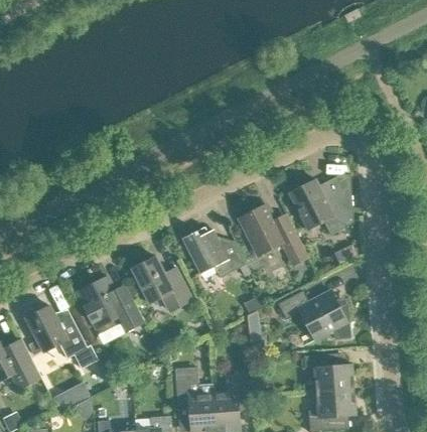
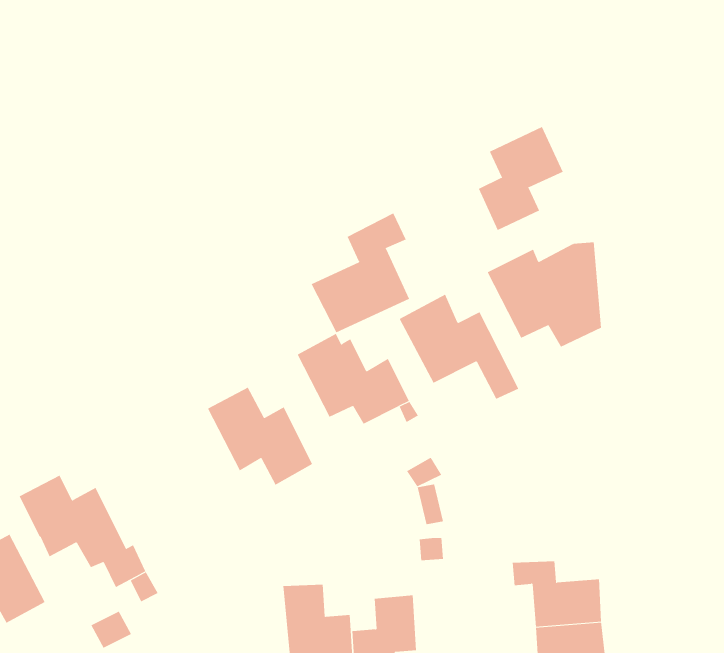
building: none -> [477,126,564,231]
building: none -> [311,212,410,333]
building: [77,276,144,333] -> none
building: [278,290,350,340] -> none

